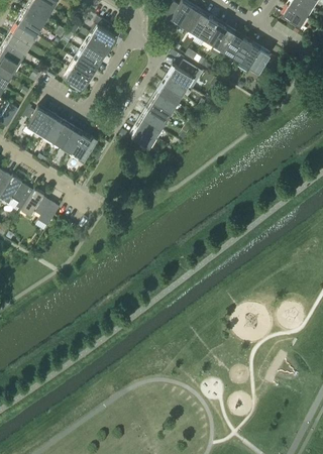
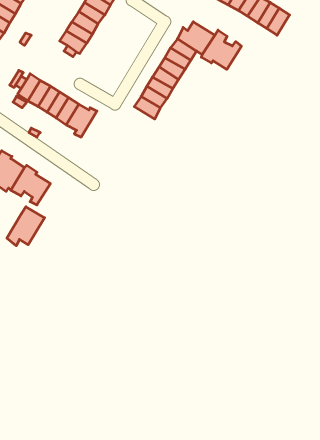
building: none -> [201,30,241,69]
building: none -> [7,207,45,246]

